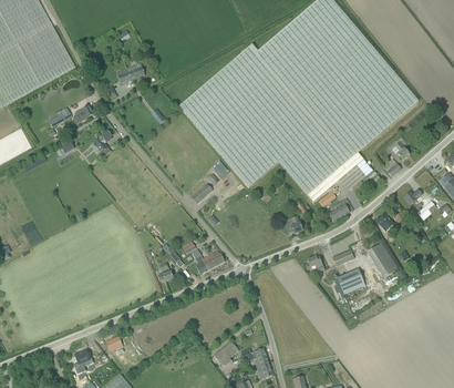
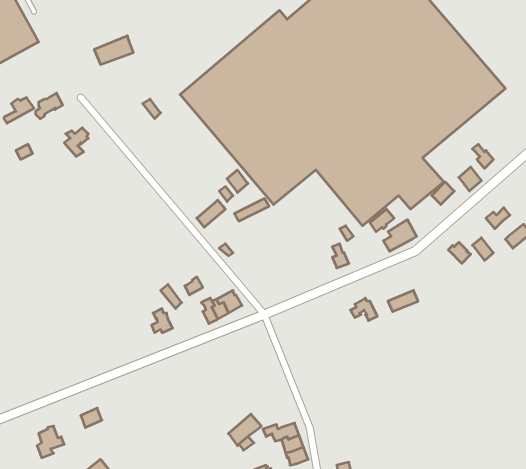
building: [368,242,399,277] -> none
building: [337,267,365,294] -> none

